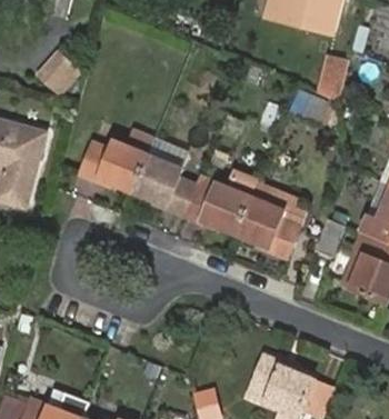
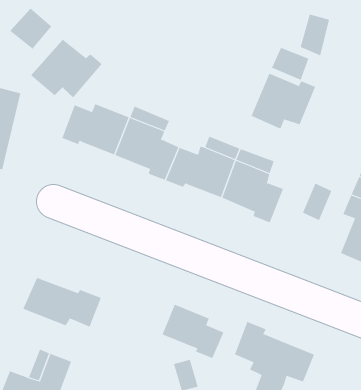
building: none -> [30,39,103,98]
building: none -> [251,73,316,129]
building: none -> [23,277,102,327]
building: none -> [162,304,224,359]

